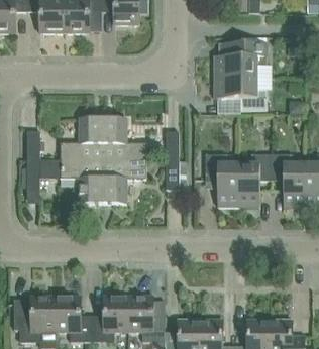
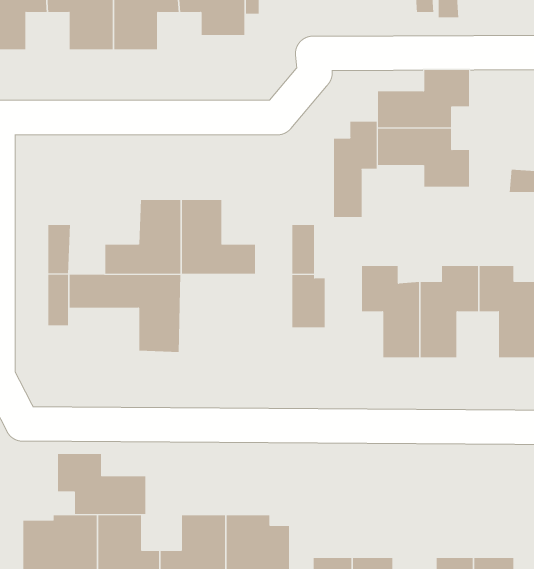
building: none -> [333,121,377,218]
building: [102,159,145,204] -> none
building: none -> [57,453,146,515]

